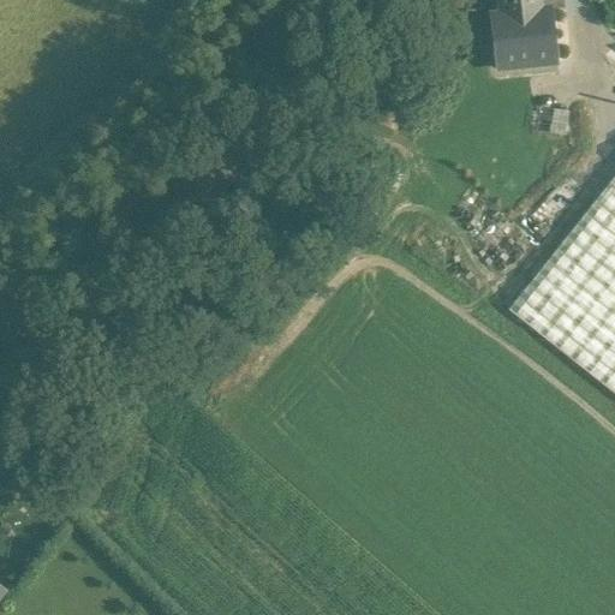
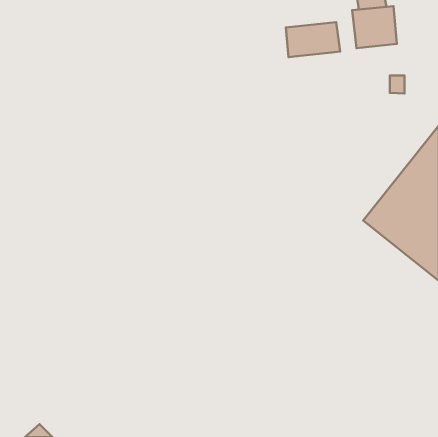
building: none -> [286,22,340,57]

